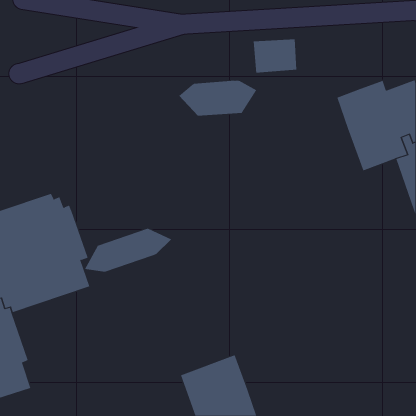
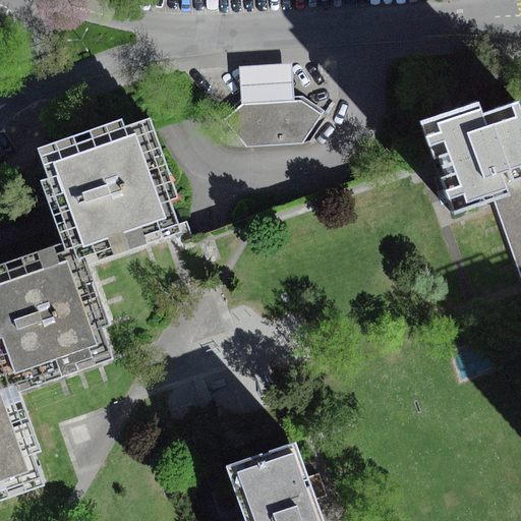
building: [253,39,297,73] -> [237,61,292,104]
building: none -> [42,116,189,263]
building: [84,228,172,272] -> none

